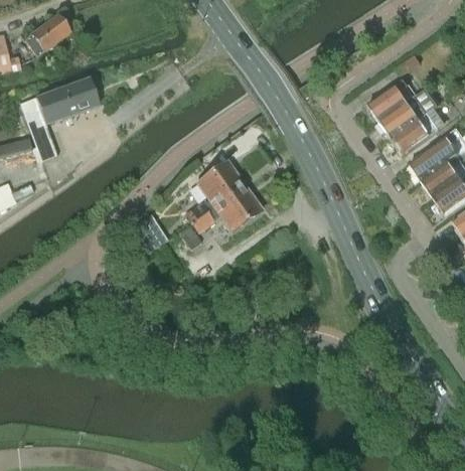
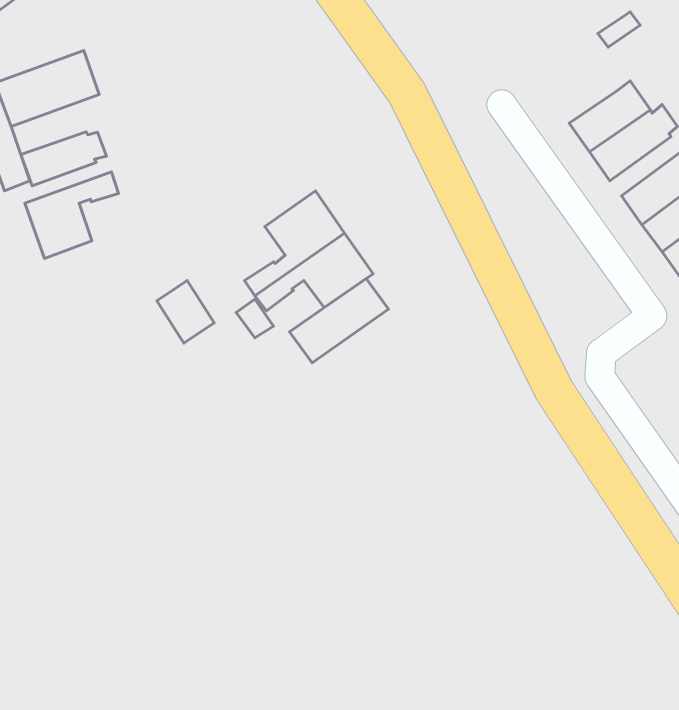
building: [367,78,408,120] -> none
building: none -> [21,132,106,186]
building: none -> [25,172,119,258]
building: none -> [290,279,389,363]

